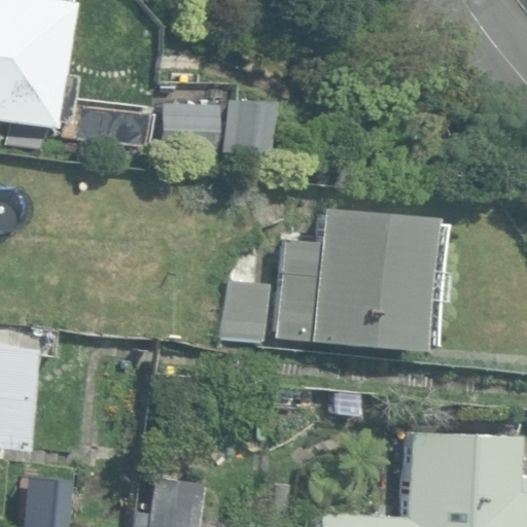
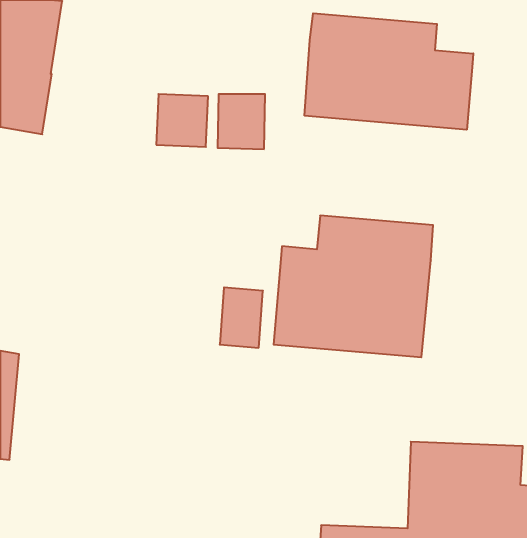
building: none -> [305,13,473,130]

